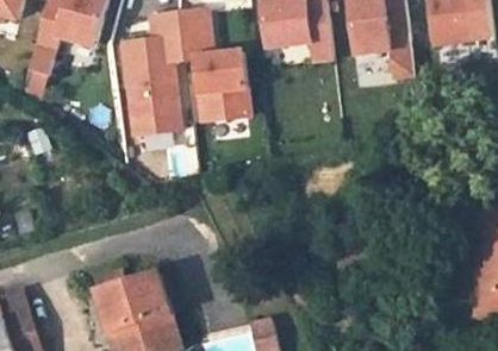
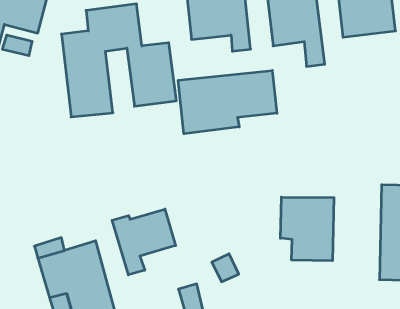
building: none -> [178,70,277,134]
building: none -> [280,197,334,261]
building: none -> [112,209,176,275]

